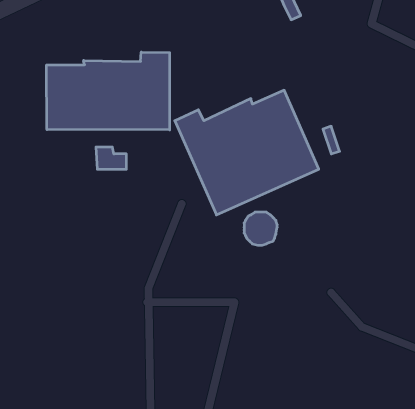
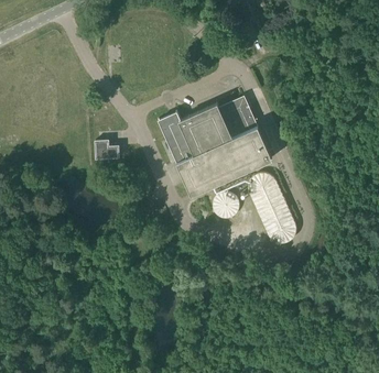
building: [47,52,170,130] -> none
building: none -> [247,172,295,242]

